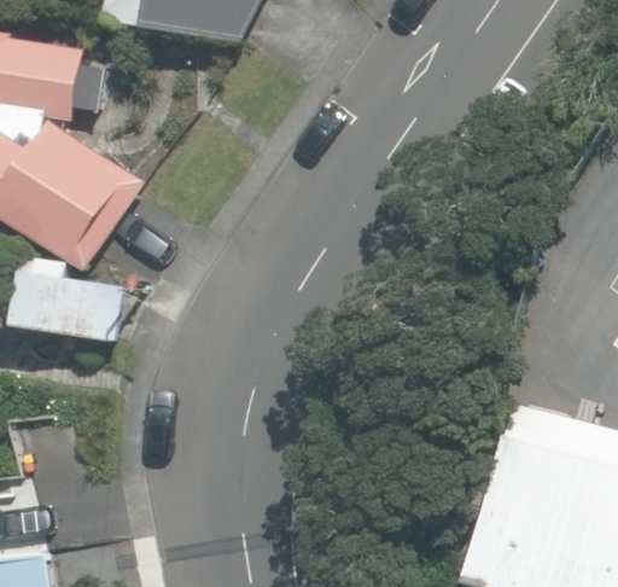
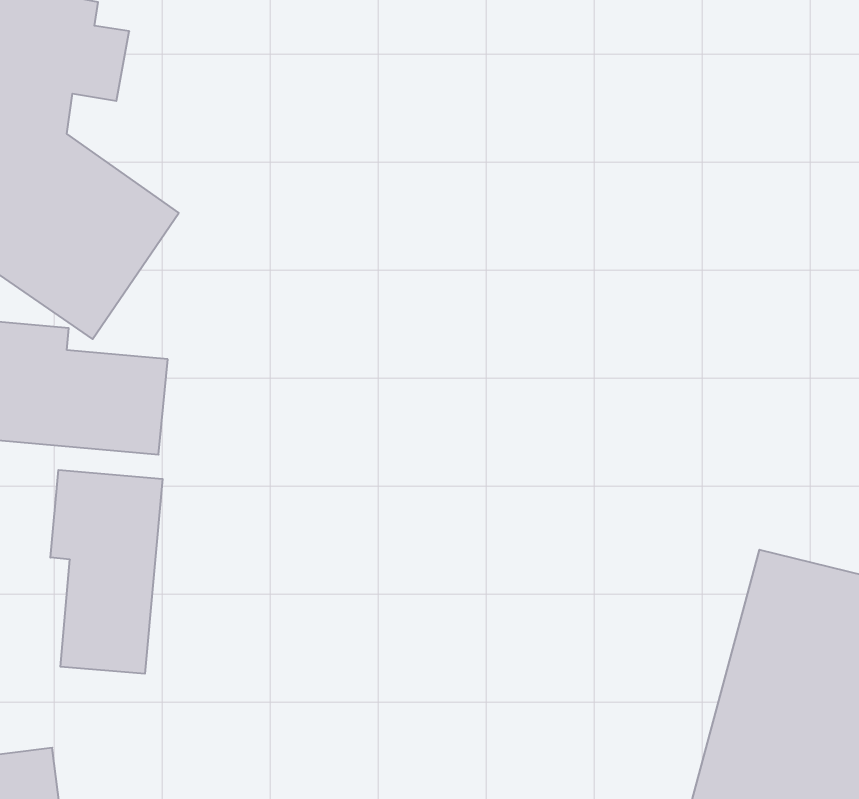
building: none -> [50,470,163,674]

